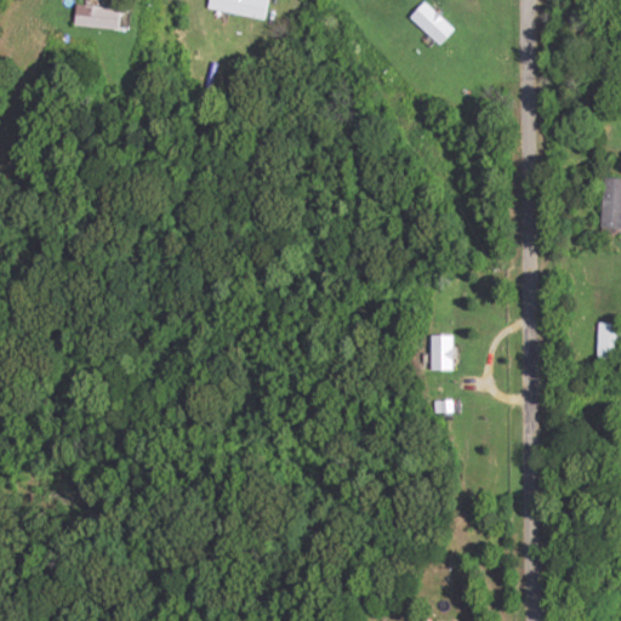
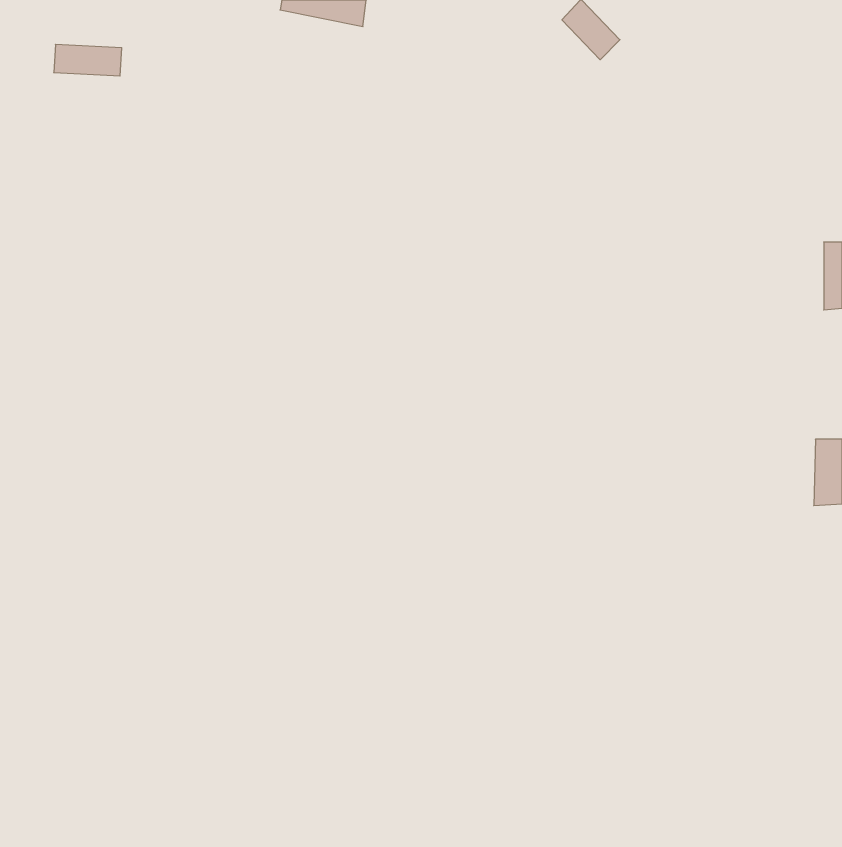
building: [74,5,124,28] -> [54,44,122,76]
building: [428,335,452,370] -> none

